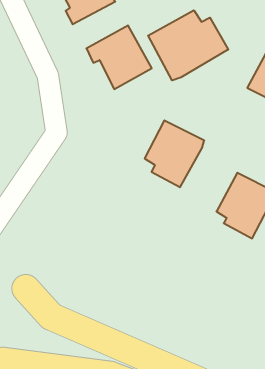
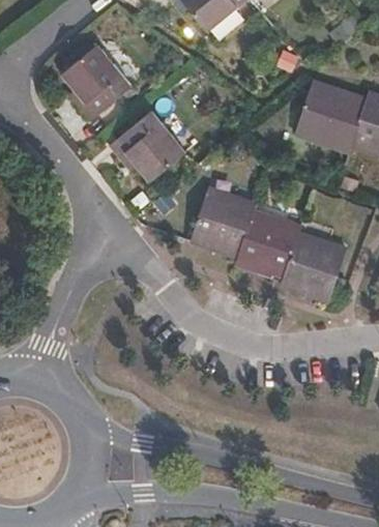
building: [148,10,228,80] -> none
building: none -> [239,214,302,280]

